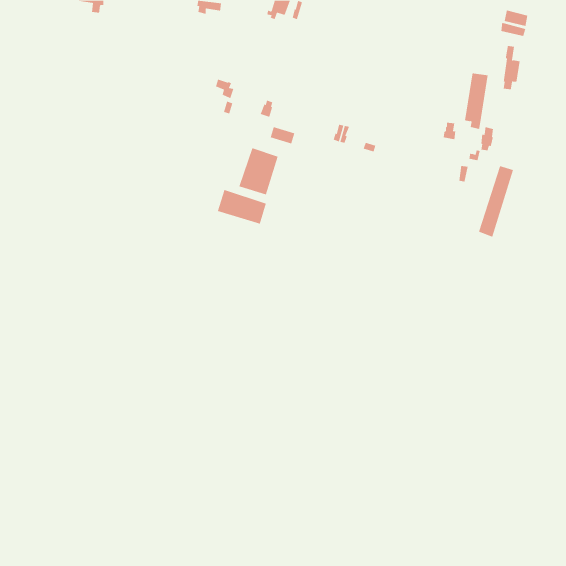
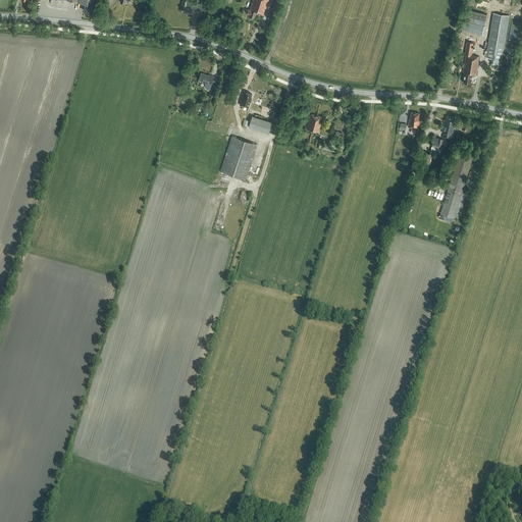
building: [464,73,489,129] -> [485,14,508,66]
building: [217,189,267,225] -> none

